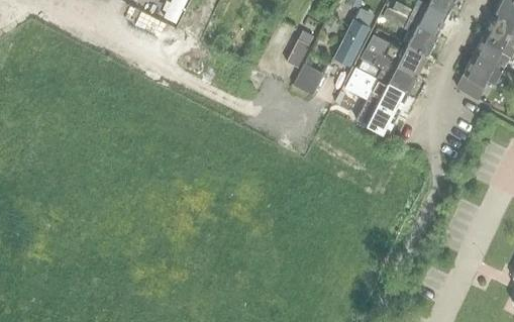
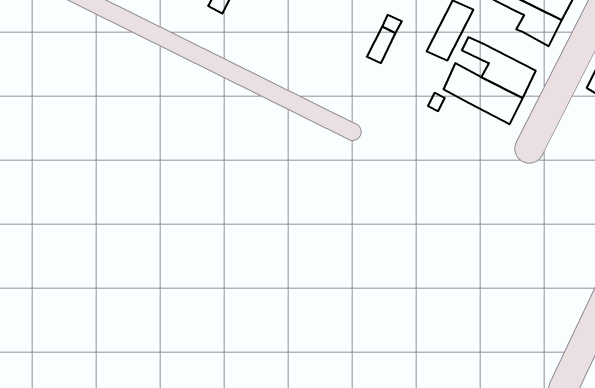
building: [366,34,428,74] -> none
building: [294,64,324,95] -> none
building: [356,99,398,135] -> none

